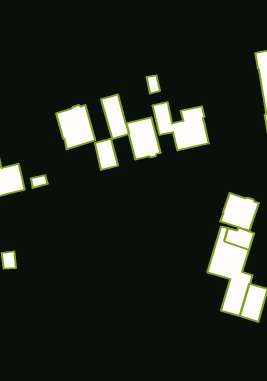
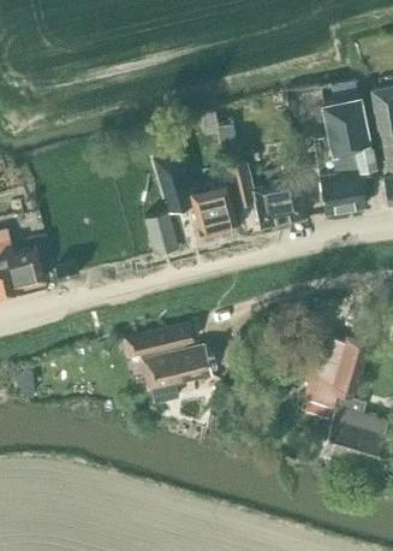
building: none -> [318,95,375,213]
building: [56,105,95,149] -> none
building: [220,193,259,231] -> none
building: none -> [127,322,212,404]

